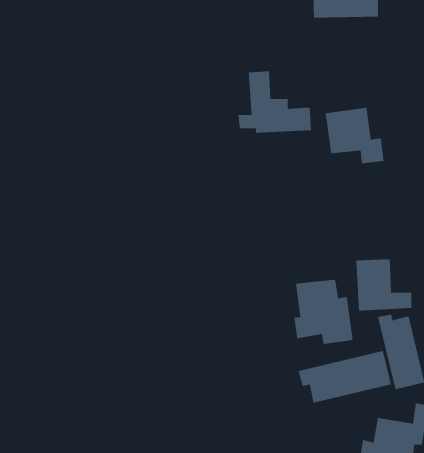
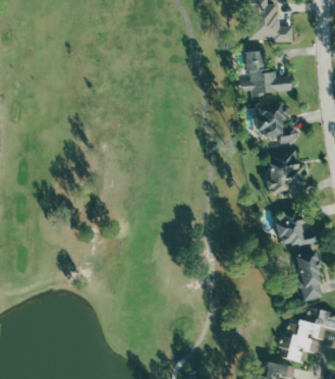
building: [238,71,312,133] -> [239,50,291,94]
building: [294,279,353,345] -> [267,153,309,199]
building: [298,350,391,404] -> none

